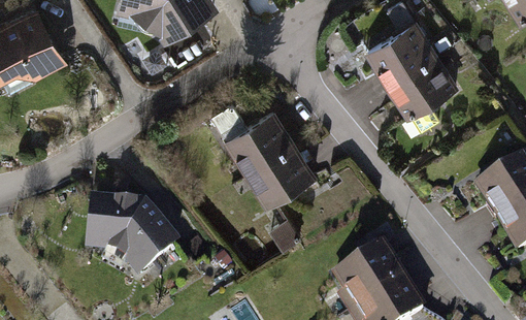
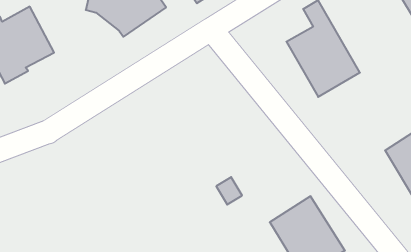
building: [220,113,315,213] -> none
building: [81,201,178,283] -> none

